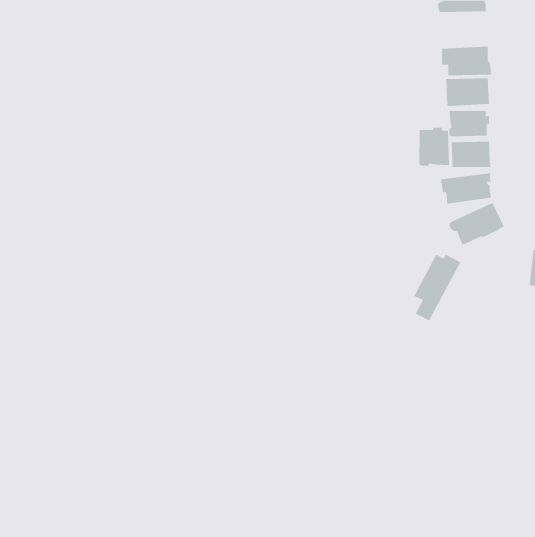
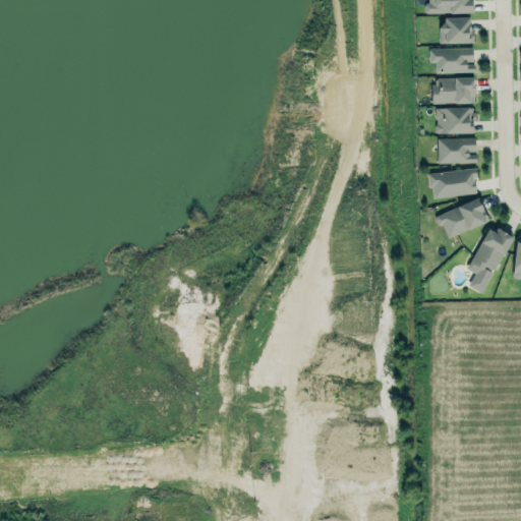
building: none -> [439,16,476,45]
building: [419,127,449,167] -> none
building: [414,254,461,321] -> [468,228,514,293]

